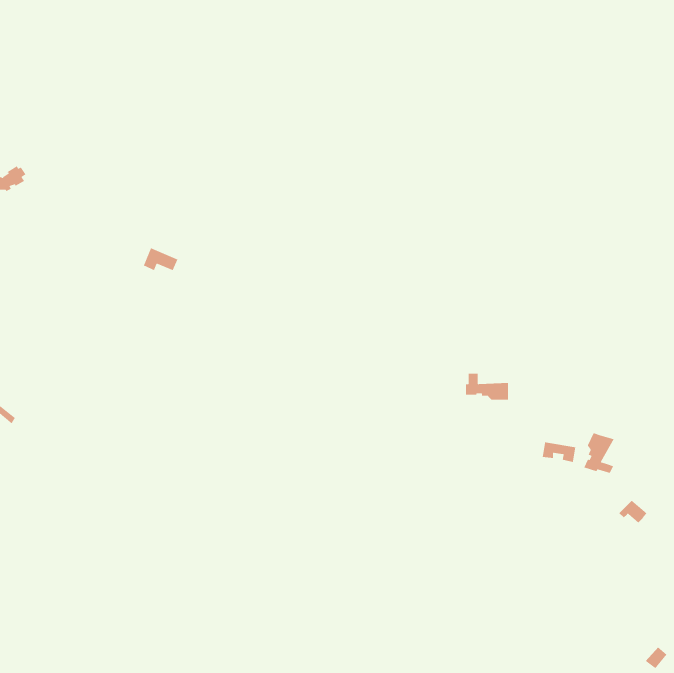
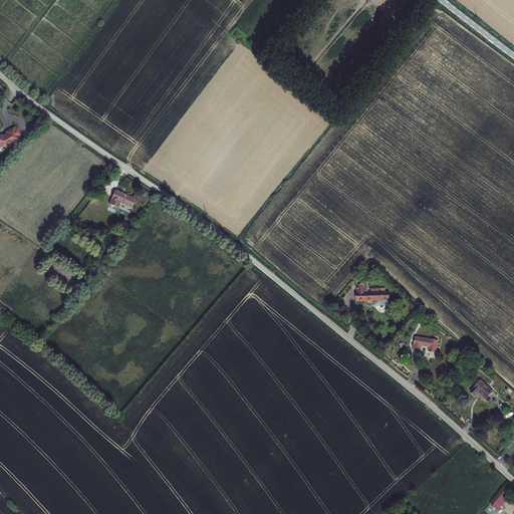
building: [583,432,615,474] -> none

